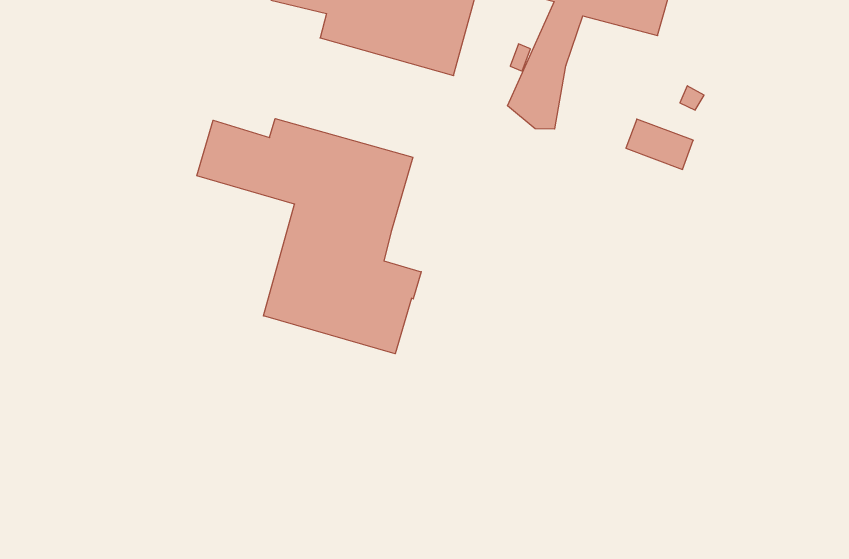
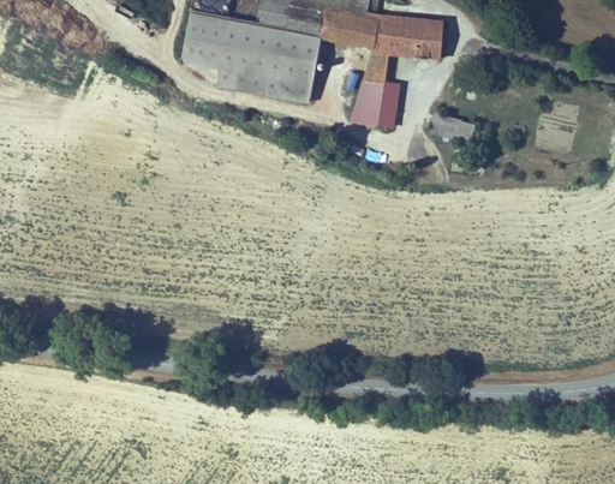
building: none -> [382,85,402,131]
building: [197,119,421,354] -> none

